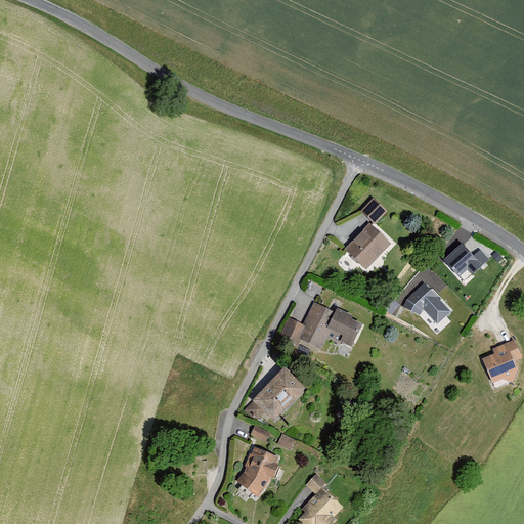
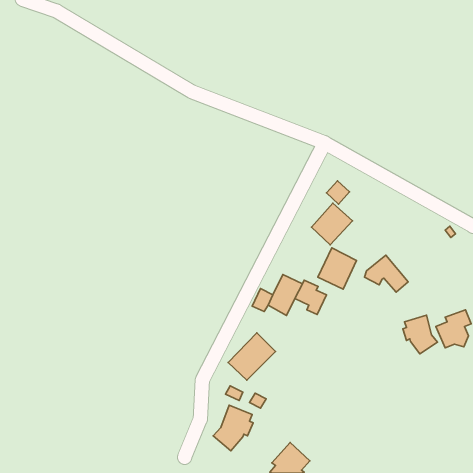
building: [444,243,489,279] -> none
building: none -> [318,248,356,289]
building: none -> [403,315,437,354]

